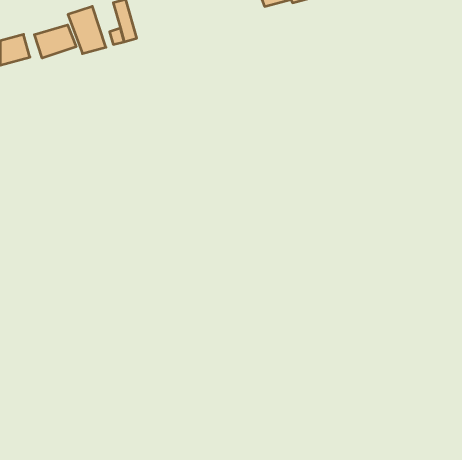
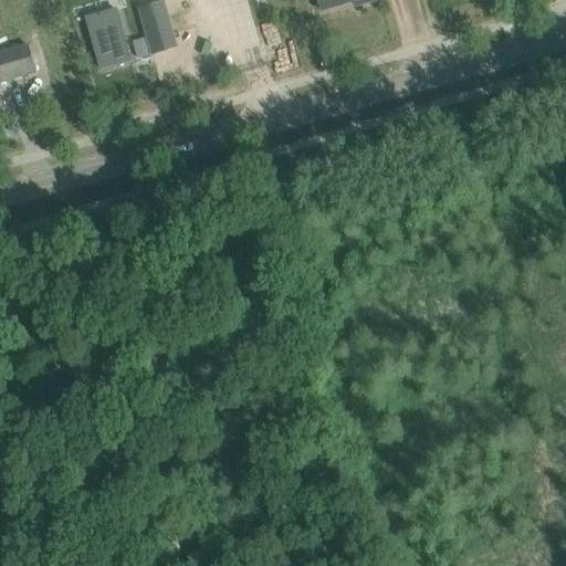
building: [34,25,76,58] -> none

